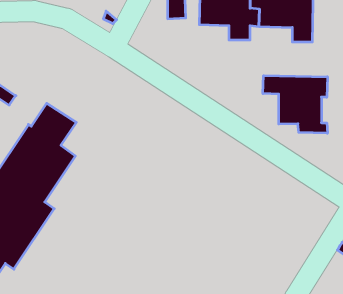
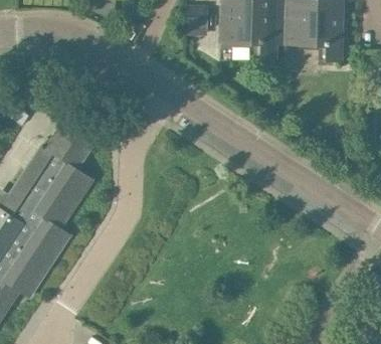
building: [263,76,327,133] -> none

